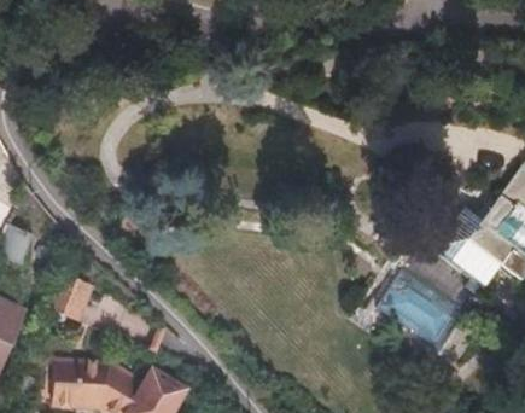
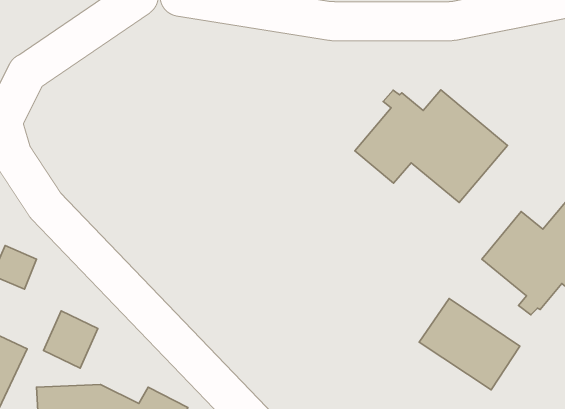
building: none -> [355,90,508,203]

